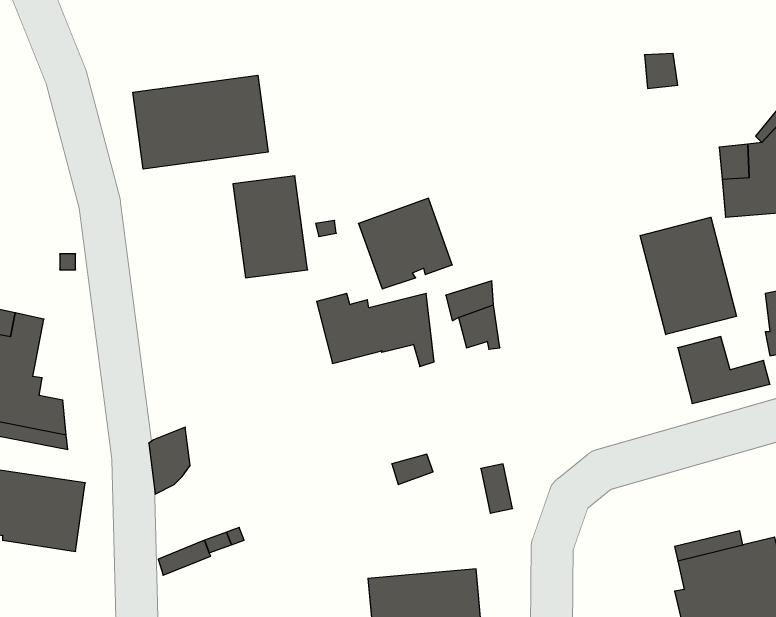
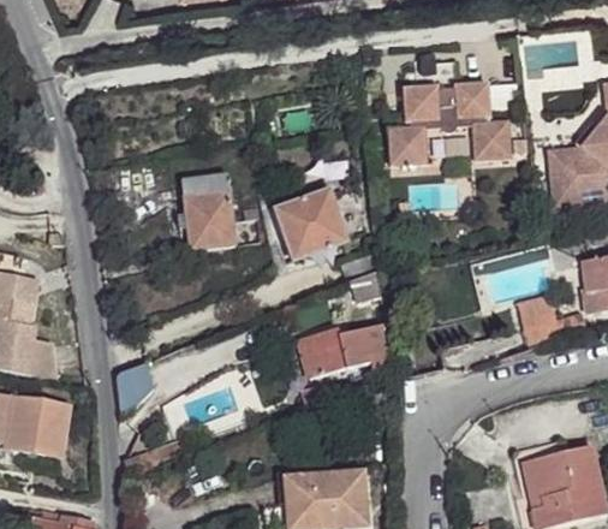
building: none -> [388,82,511,167]
building: [133,75,268,169] -> none
building: [640,217,736,335] -> none
building: [317,293,434,367] -> [298,323,387,379]

